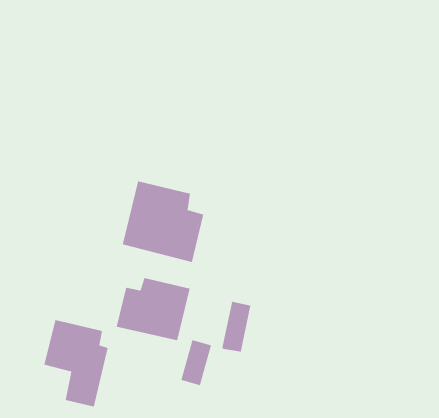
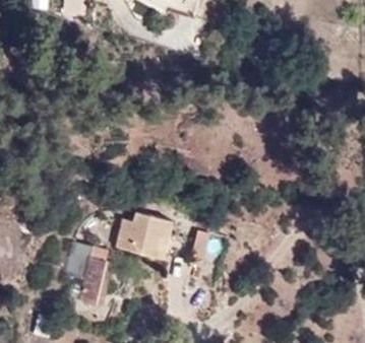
building: [122,180,204,263] -> none

